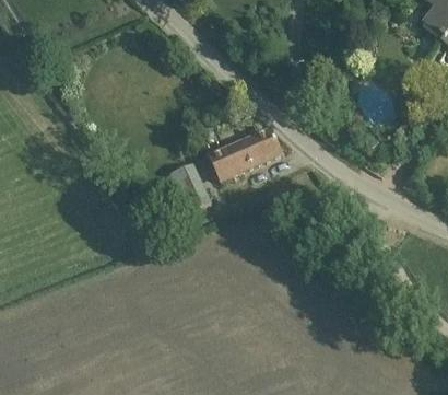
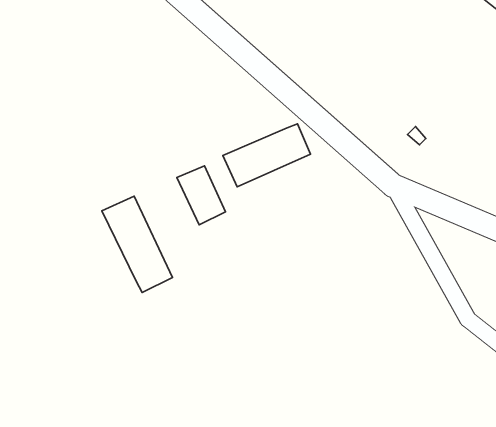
building: none -> [102,196,173,292]

